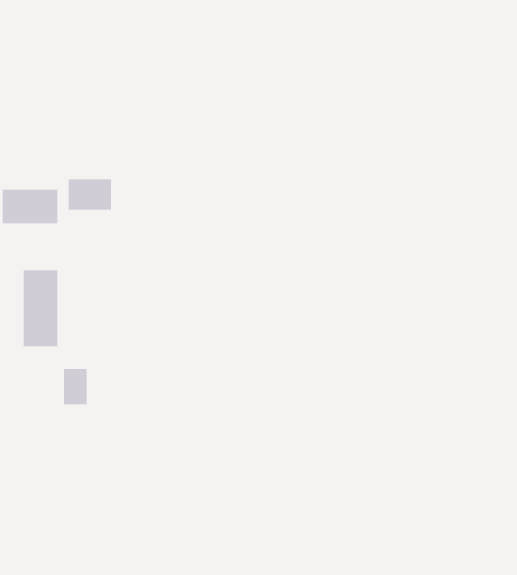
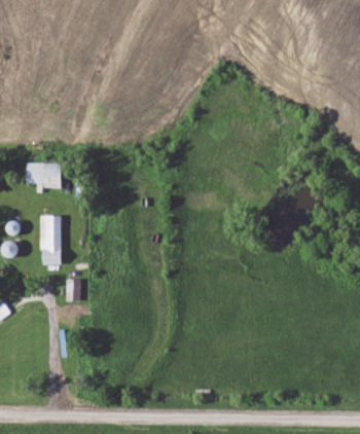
building: [68,178,112,210] -> none

